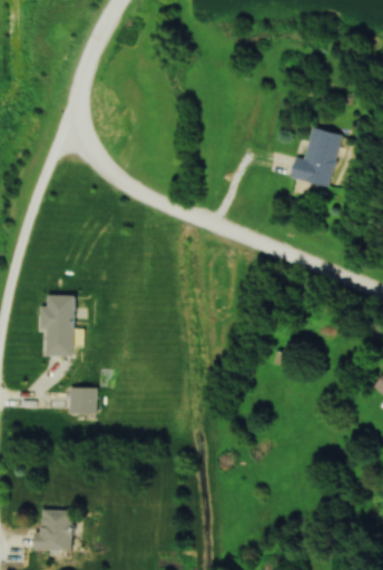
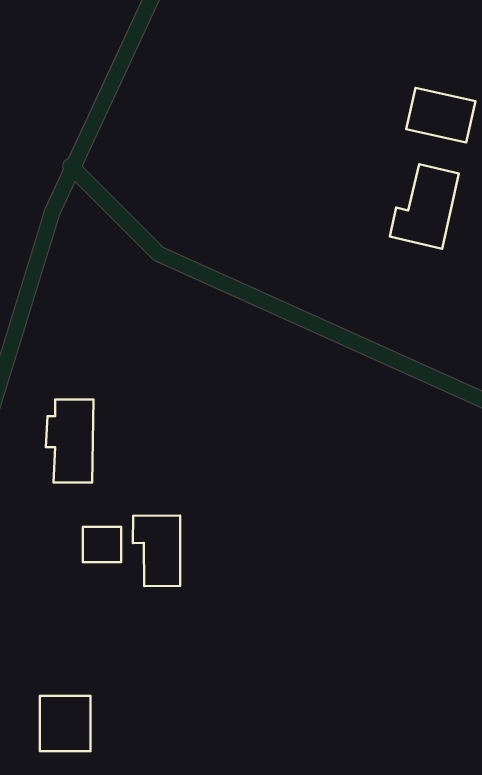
building: none -> [406,88,475,143]
building: none -> [133,515,180,586]

